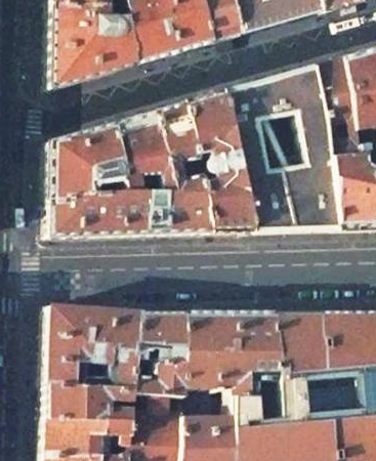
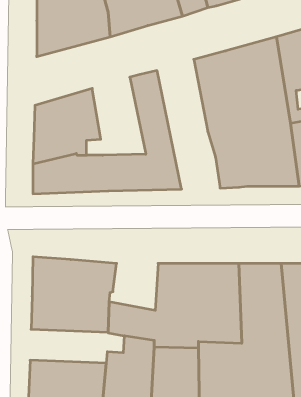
building: [183,90,252,232] -> none
building: [113,110,171,195] -> none
building: [131,312,184,364] -> none
building: [45,384,130,421] -> none

